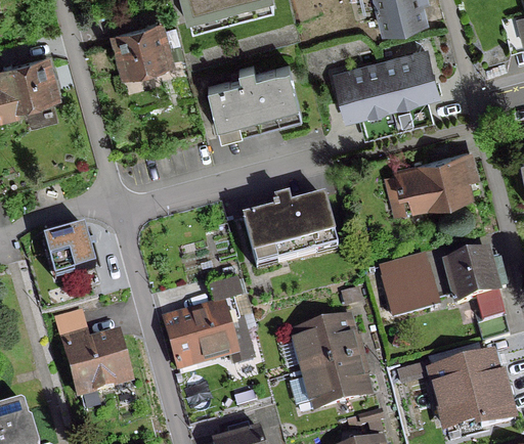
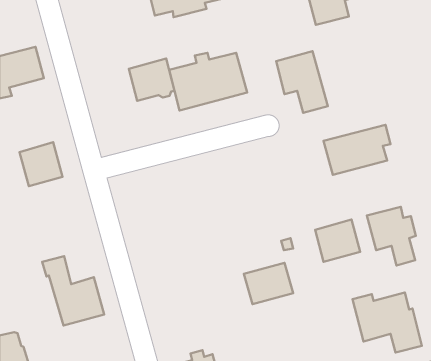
building: [114,23,169,74] -> [129,59,175,101]
building: [380,51,435,129] -> none
building: [243,198,337,269] -> none
building: [43,226,95,279] -> [19,142,63,186]
building: [164,280,254,367] -> none
building: [307,355,366,407] -> none

